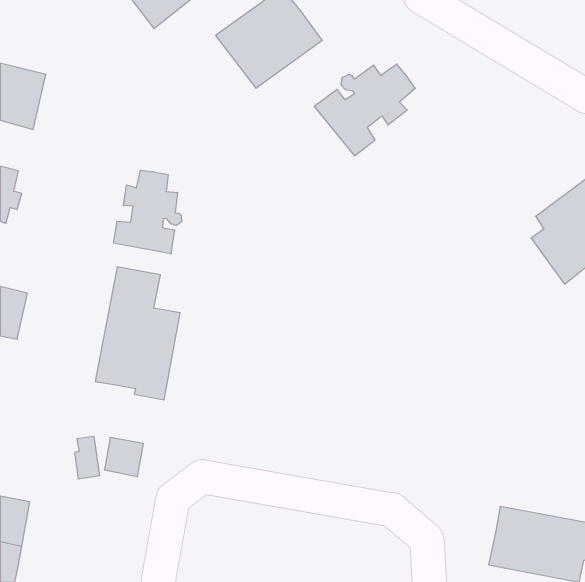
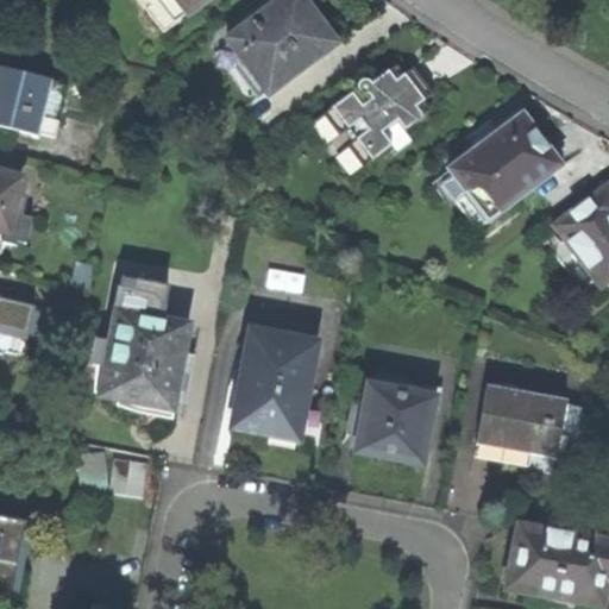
building: none -> [447,114,555,219]
building: [113,170,182,254] -> none
building: none -> [232,328,322,441]
building: none -> [350,376,433,460]
building: none -> [477,385,567,456]

